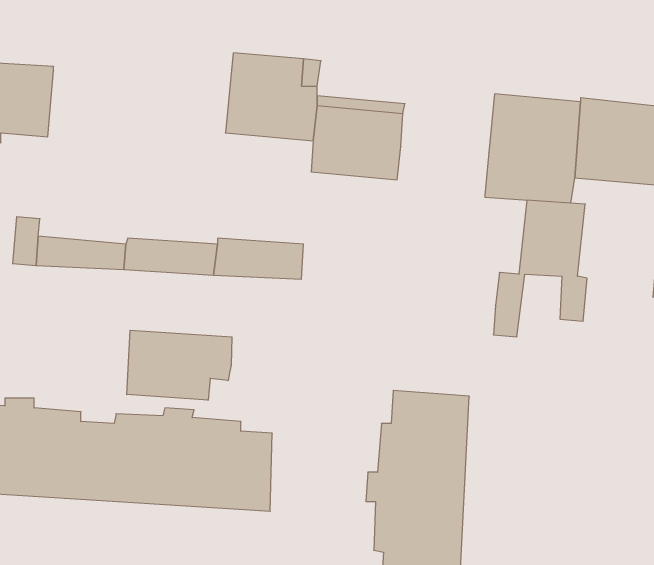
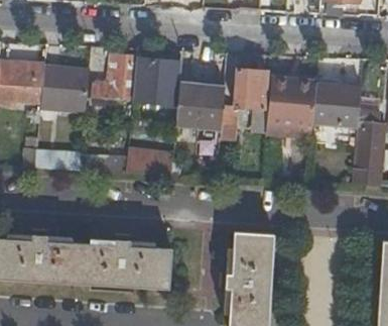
building: none -> [95,52,136,106]
building: none -> [42,66,92,110]
building: [493,200,587,337] -> [223,68,271,138]
building: [127,330,232,400] -> none

